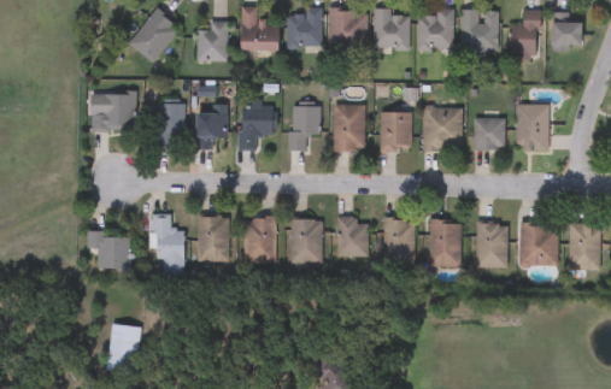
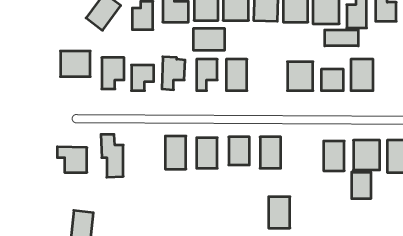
building: none -> [194,28,224,50]
building: none -> [325,30,358,46]
building: [380,113,411,151] -> none
building: [198,218,228,263] -> none
building: [429,220,460,266] -> [269,197,290,228]
building: none -> [352,172,371,199]

